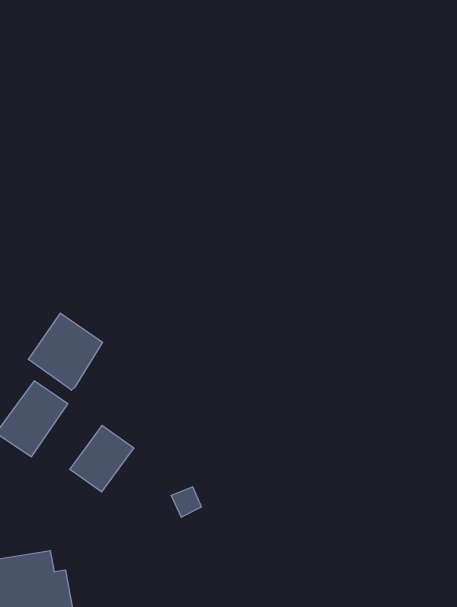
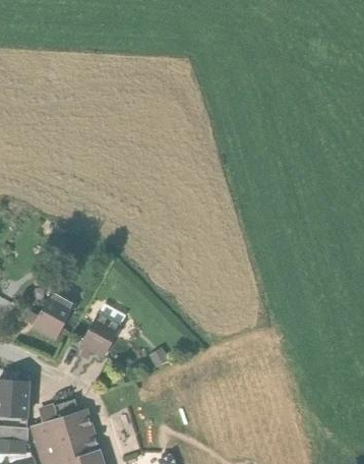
building: [28,313,102,390] -> none

